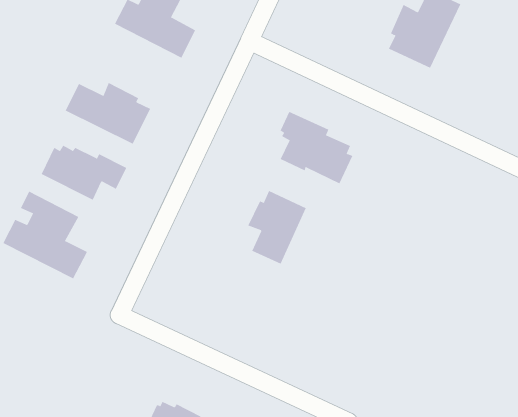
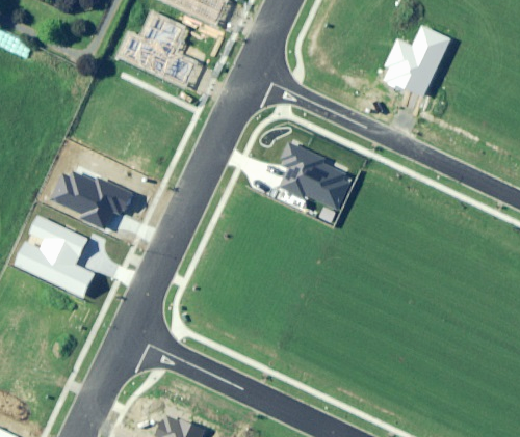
building: [65,82,151,144] -> none
building: [247,190,307,265] -> none

